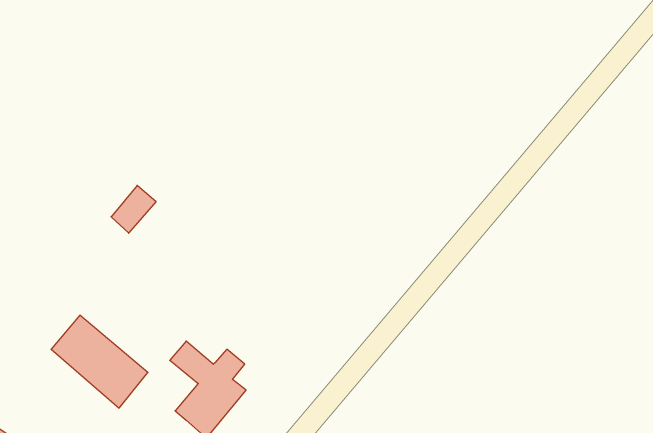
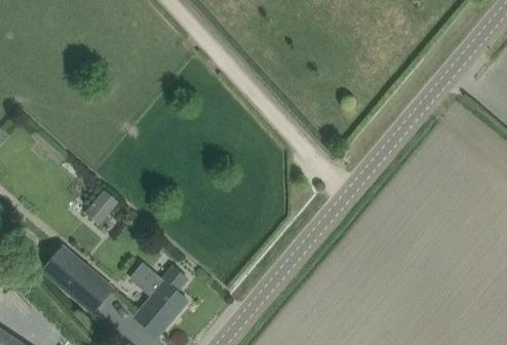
building: [111,185,156,233] -> [85,188,119,224]

